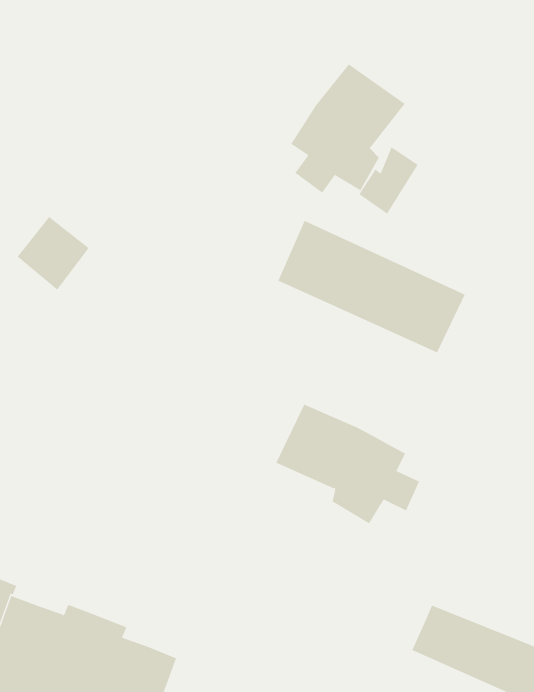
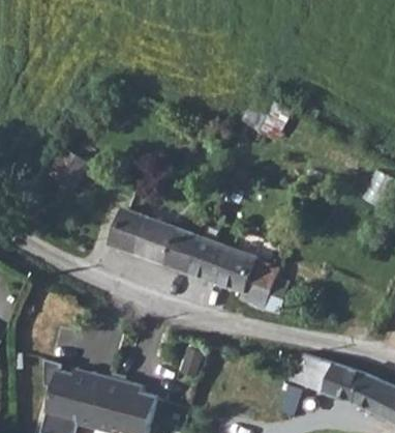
building: [290,64,405,194] -> none
building: [278,220,466,353] -> [110,208,218,279]

